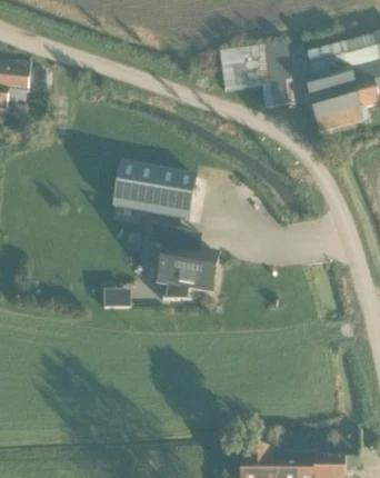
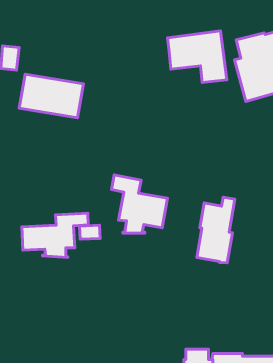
building: [112,162,194,218] -> [19,74,84,118]
building: none -> [197,197,235,263]
building: none -> [22,213,88,258]

